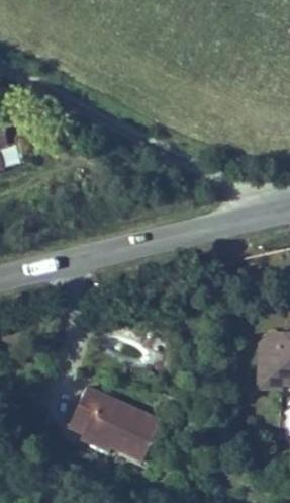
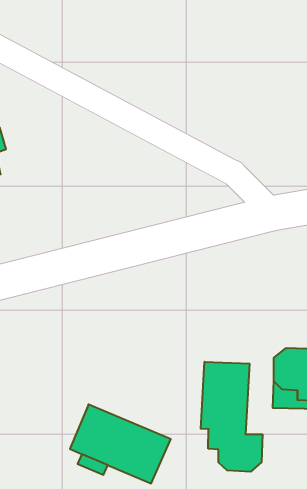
building: none -> [201,362,262,472]

